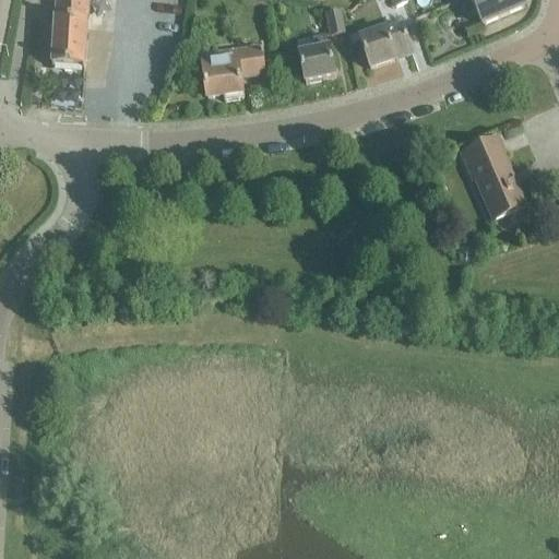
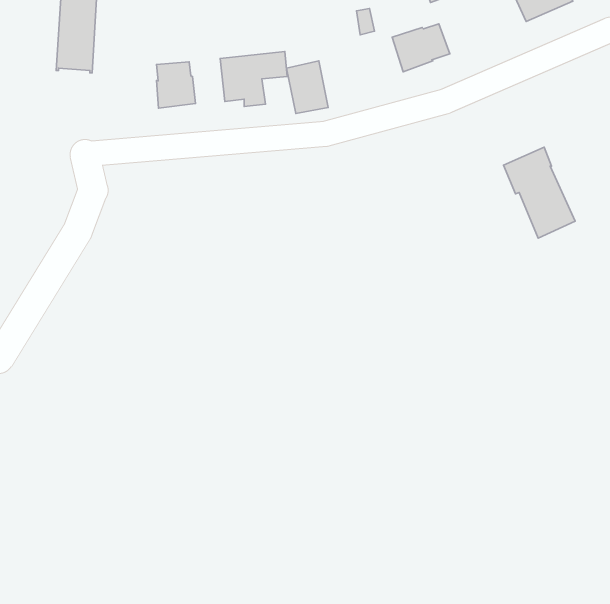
building: [296,31,334,79] -> [286,61,328,113]
building: none -> [157,62,195,108]

